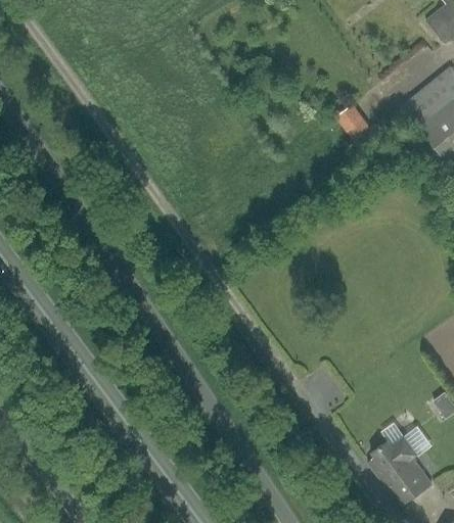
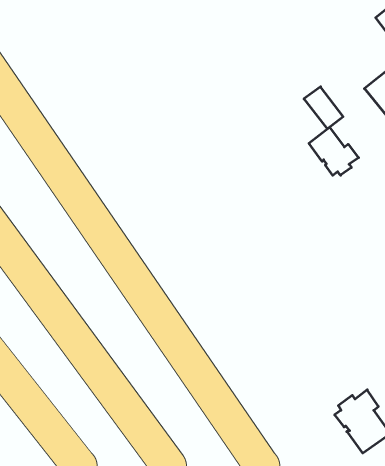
building: none -> [309,127,359,175]

